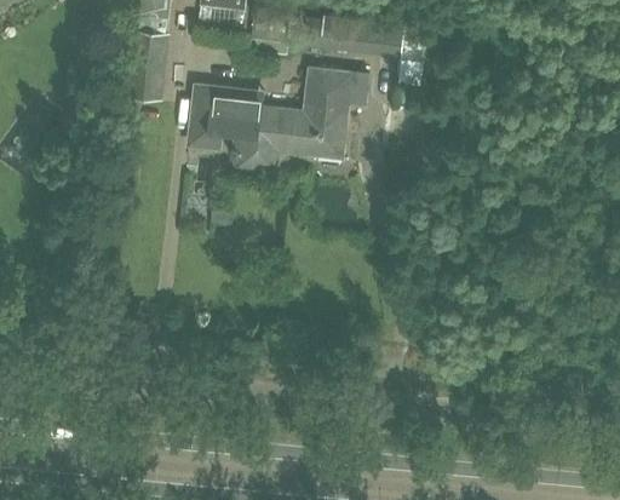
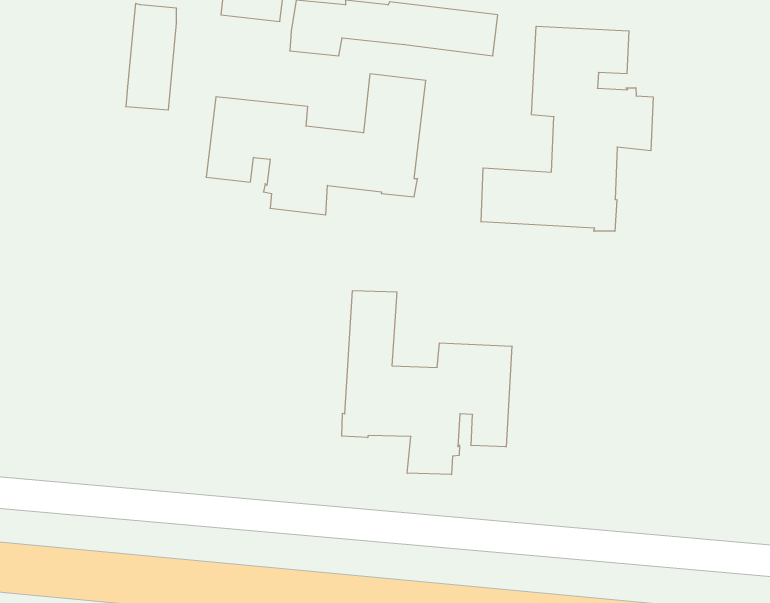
building: none -> [481,26,653,231]
building: none -> [342,291,512,475]

